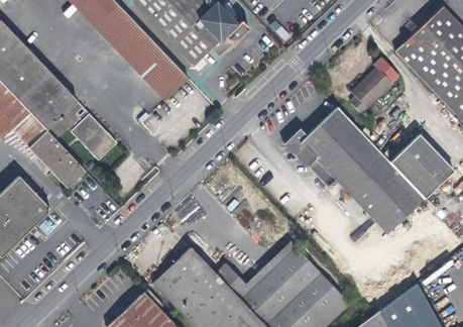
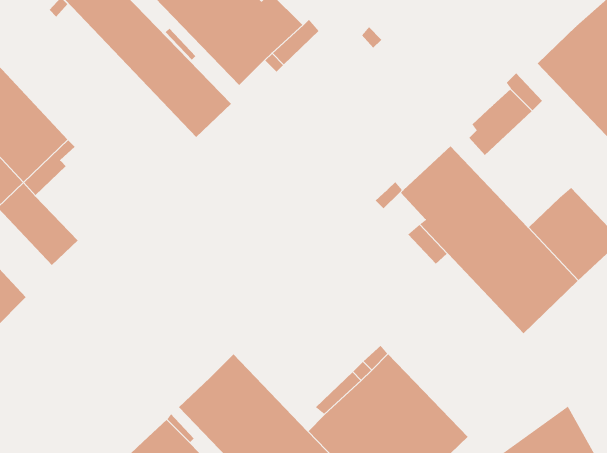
building: [71,114,117,160] -> none
building: [292,138,320,167] -> none
building: [215,262,251,300] -> none

